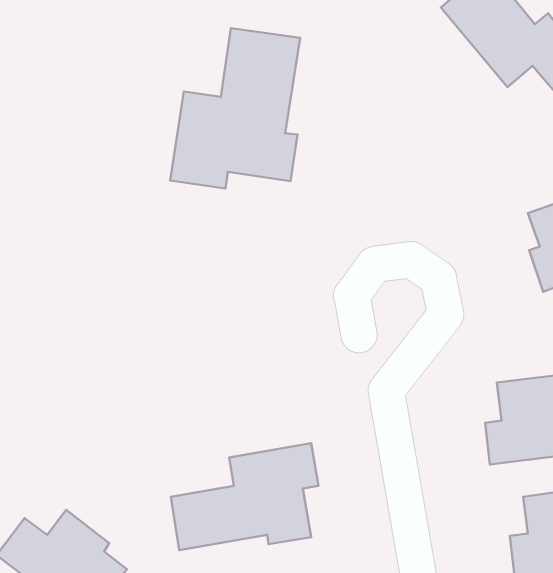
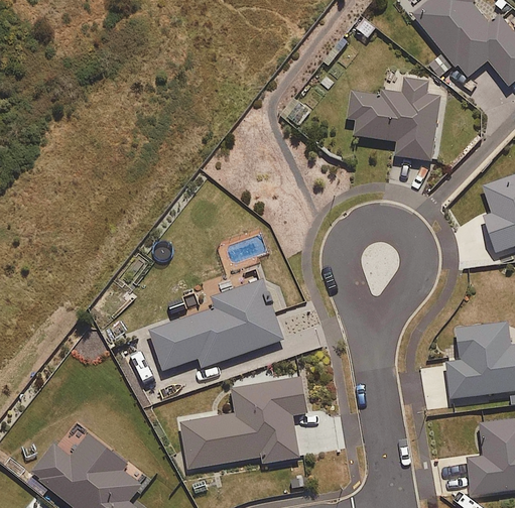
building: [170,28,300,189] -> none
building: none -> [348,76,440,159]
building: none -> [148,280,283,371]

